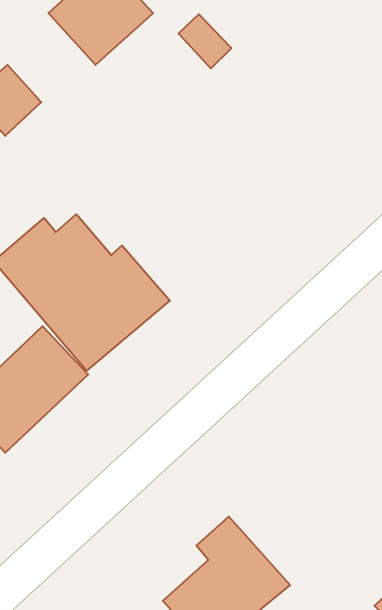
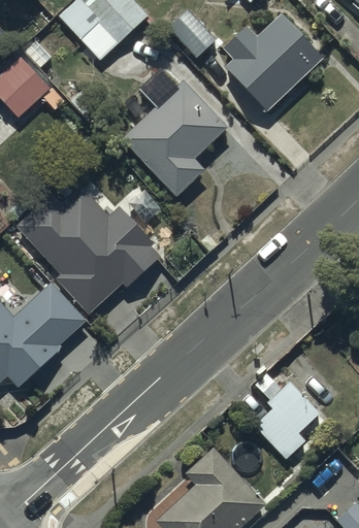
building: none -> [225,15,325,112]
building: none -> [122,84,228,199]
building: none -> [254,377,318,456]

